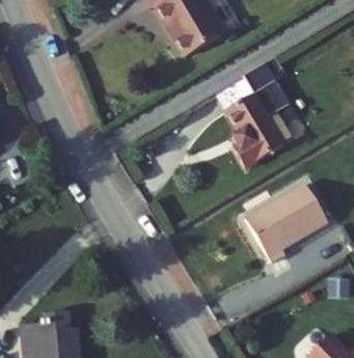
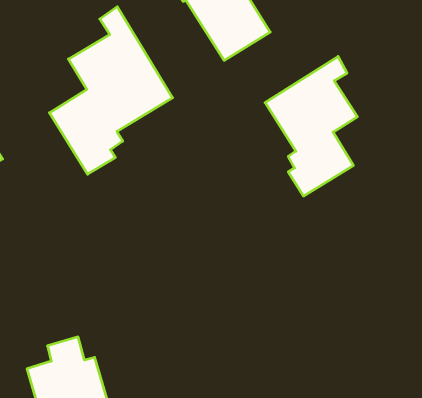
building: none -> [49,7,173,174]
building: [250,183,333,263] -> none

